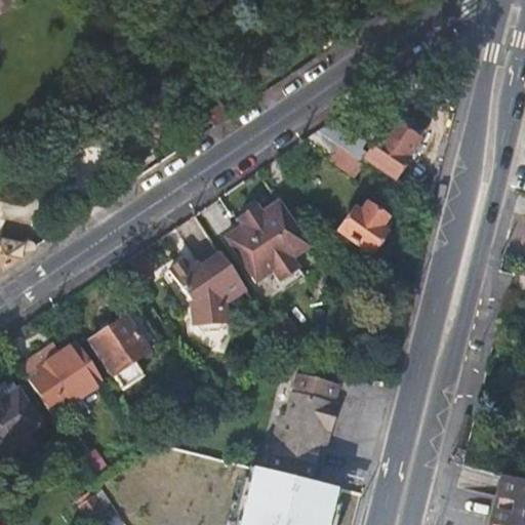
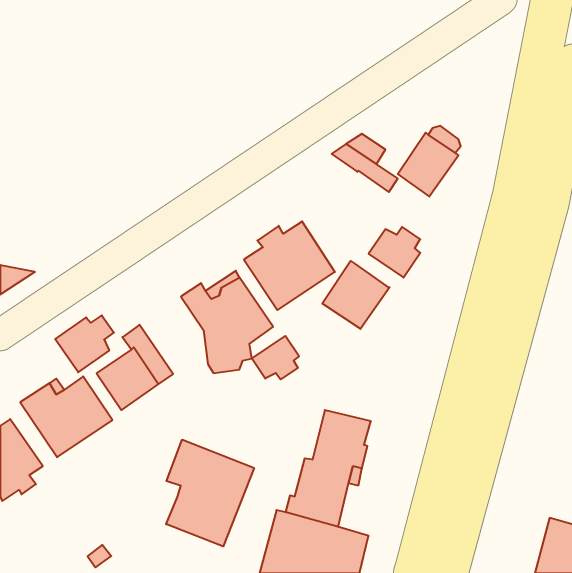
building: none -> [322,261,390,329]
building: none -> [55,315,114,372]
building: none -> [252,336,299,379]
building: none -> [166,440,254,546]

